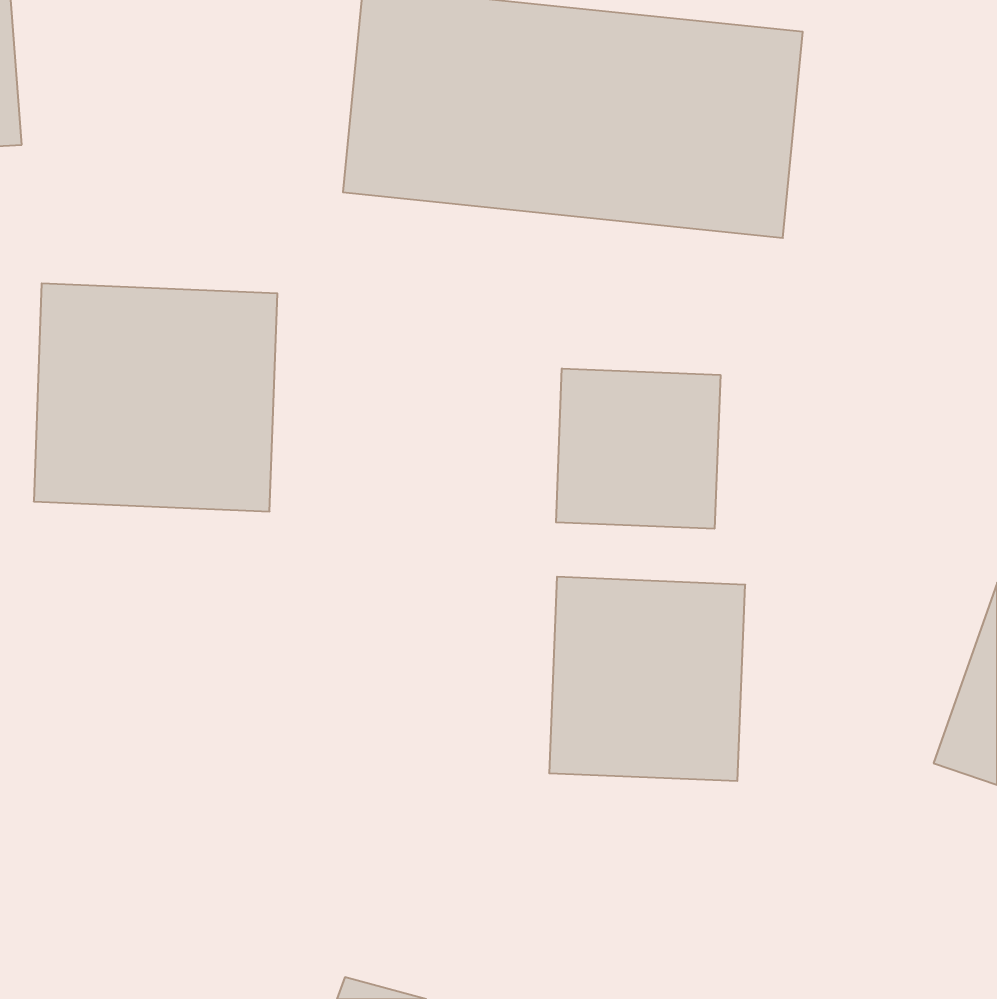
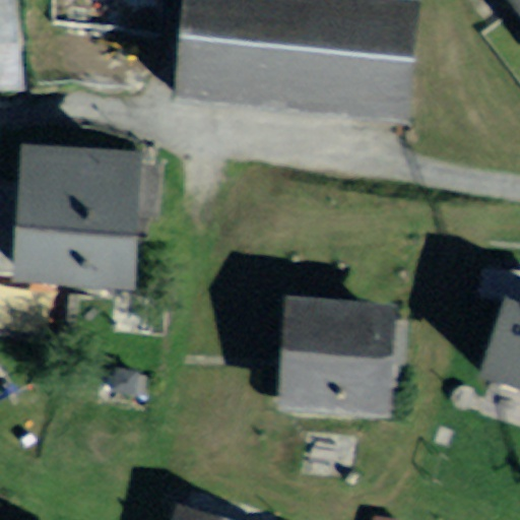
building: [556,368,720,529] -> none

